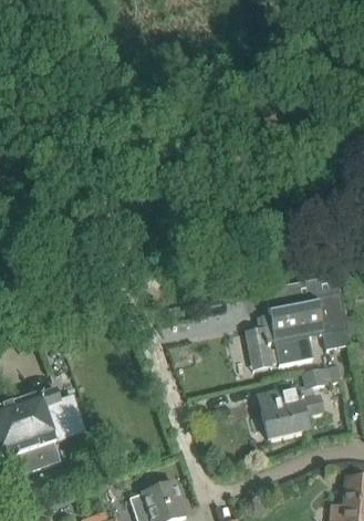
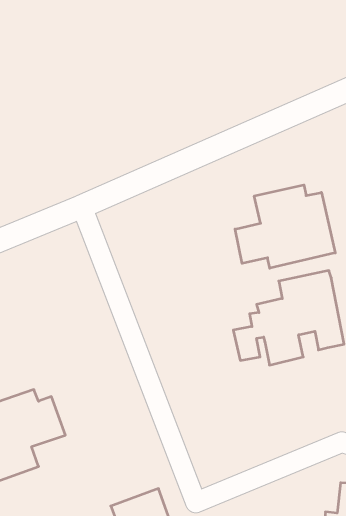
building: none -> [235,185,335,268]
building: [260,366,332,438] -> none

